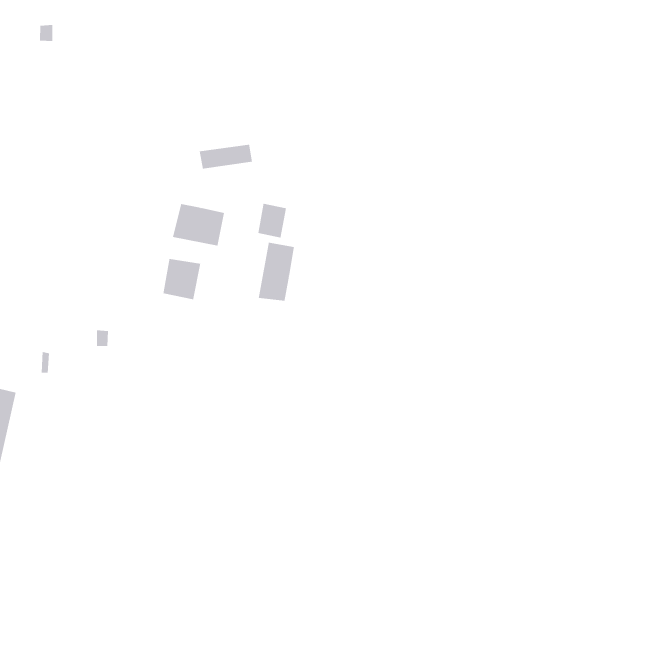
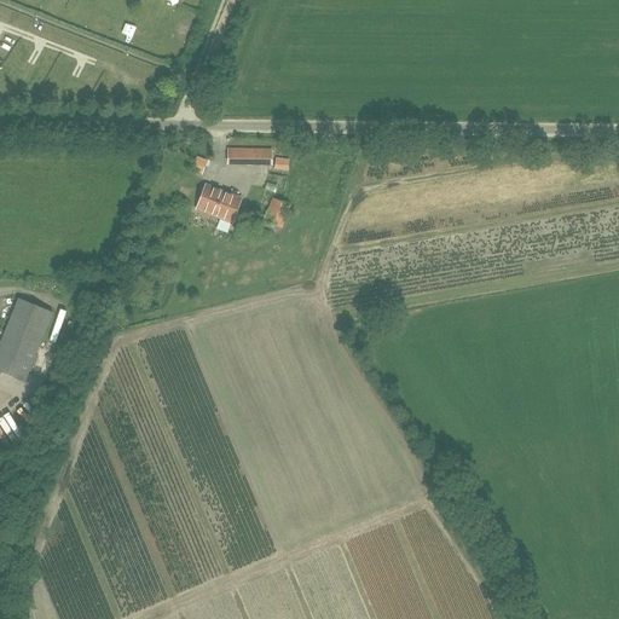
building: [258,242,295,302] -> none
building: [163,258,201,300] -> none

